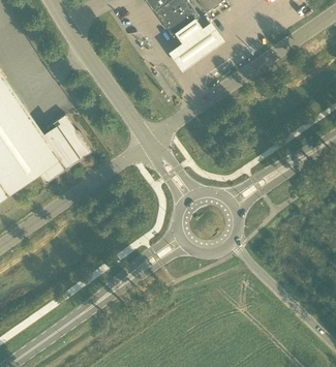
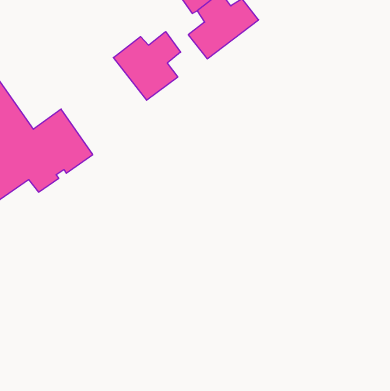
building: none -> [113,32,181,100]

